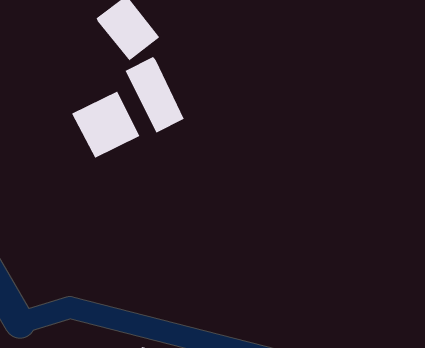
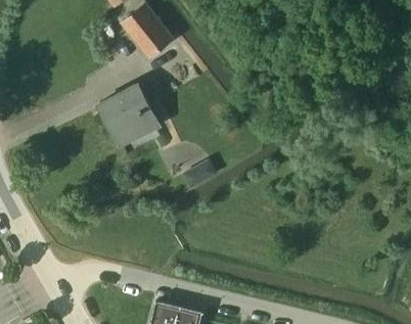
building: [125,56,185,134] -> none

